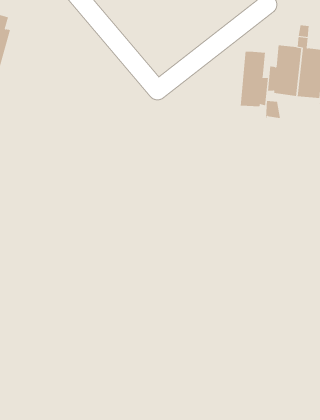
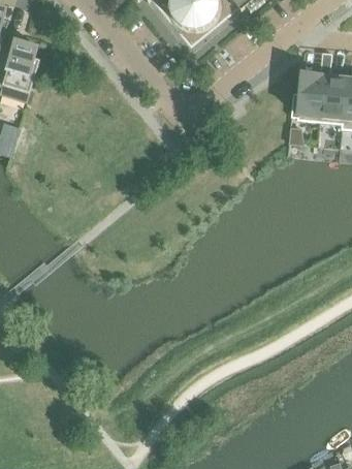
building: [240,51,268,107] -> none

